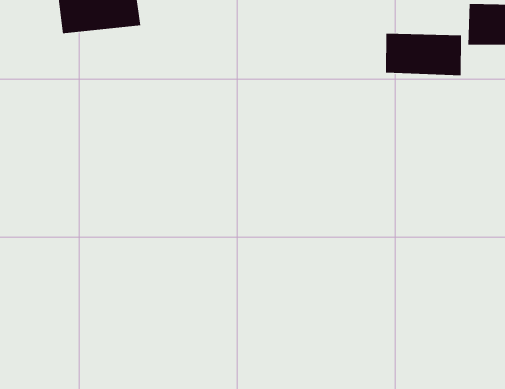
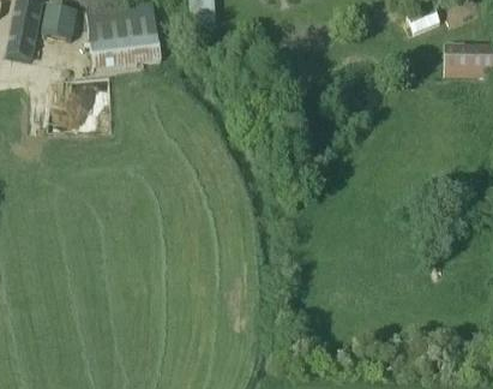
building: [385,33,461,76] -> none

